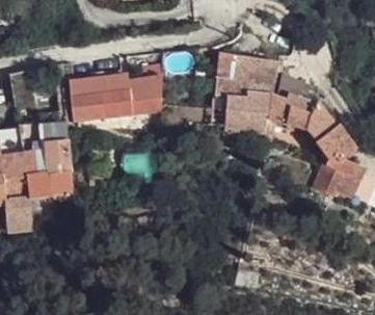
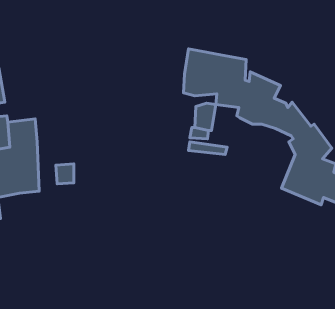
building: [68,61,161,121] -> none

